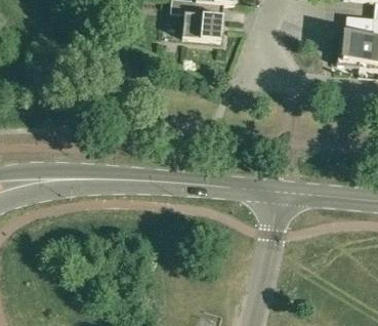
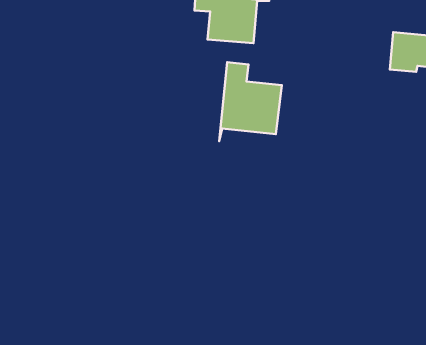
building: none -> [219,62,282,141]

